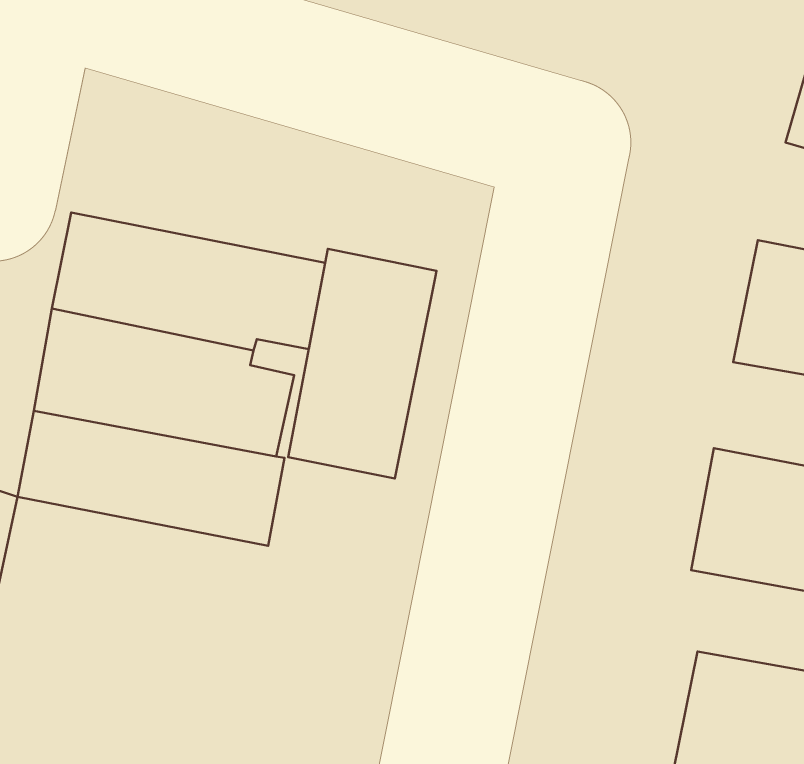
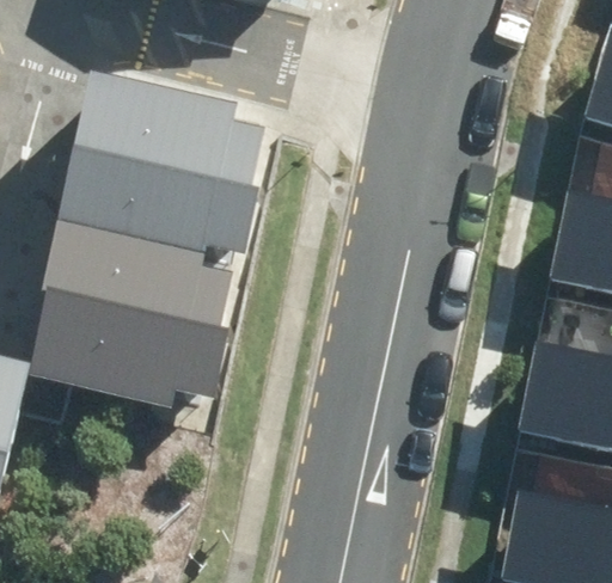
building: none -> [68,79,261,192]
building: [288,249,436,478] -> none

